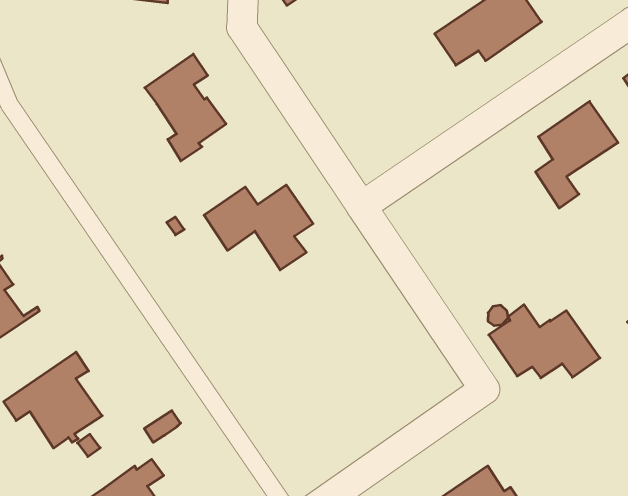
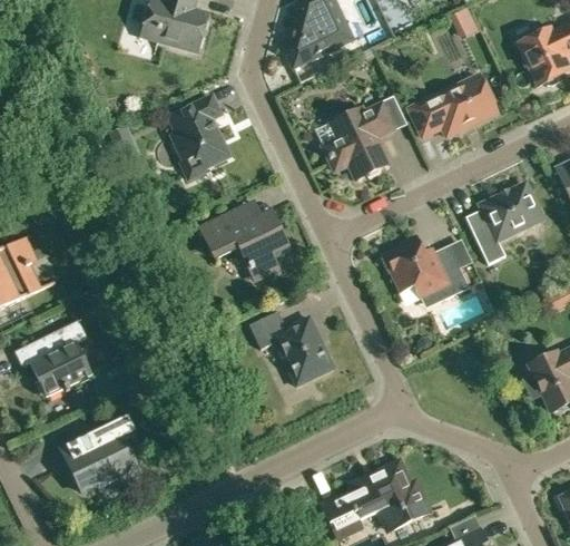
building: none -> [323,103,393,179]
building: none -> [249,310,334,384]
building: [489,305,600,378] -> [383,234,470,299]

